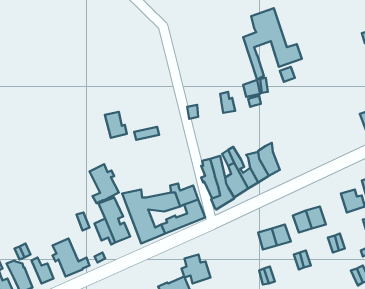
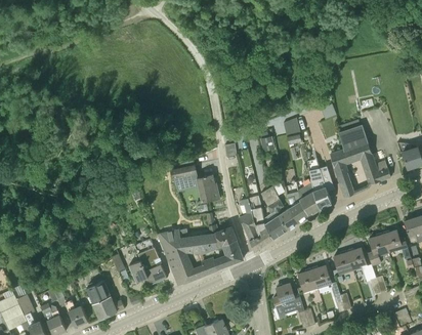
building: [243,8,302,80] -> [330,124,390,198]
building: [105,112,127,138] -> [196,175,218,202]
building: none -> [306,158,334,209]
building: [90,164,119,203] -> none
building: none -> [367,234,388,265]
building: [182,255,211,283] -> [272,283,302,312]

